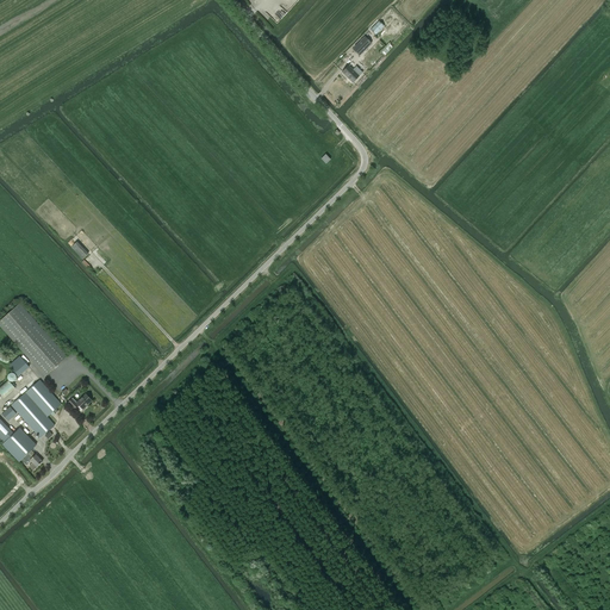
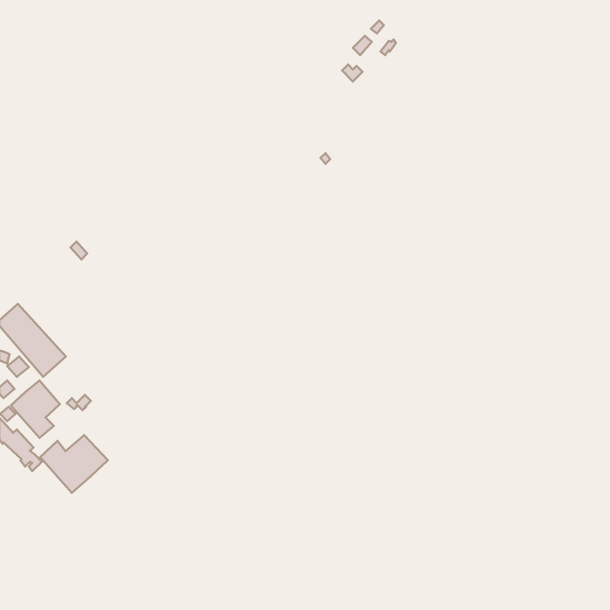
building: none -> [40,435,108,493]

